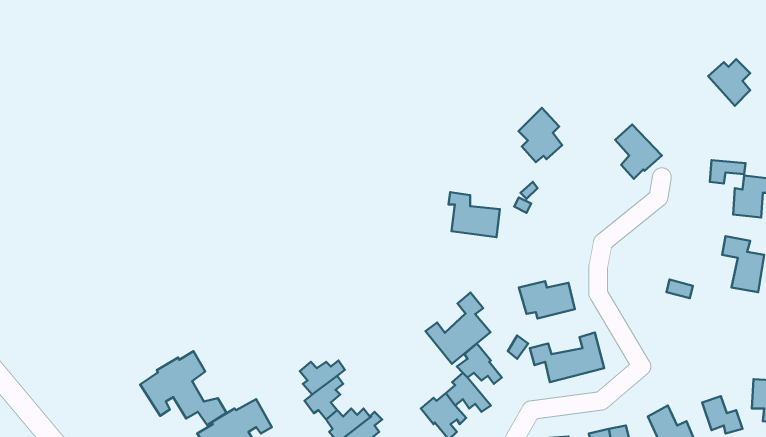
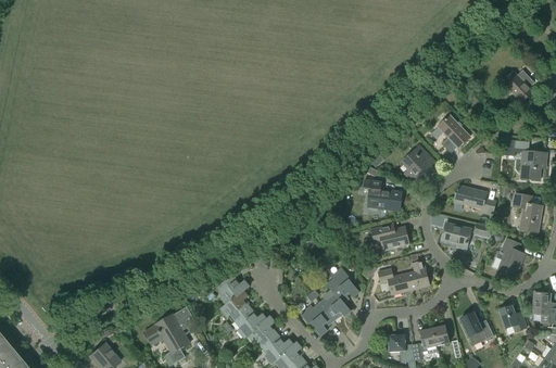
building: [519,108,562,162] -> [403,145,433,183]
building: [448,192,500,237] -> [366,179,402,211]
building: none -> [454,185,496,215]
building: none -> [441,223,471,246]
building: [425,292,490,364] -> none
building: none -> [498,238,525,276]
building: [140,351,226,425] -> none

